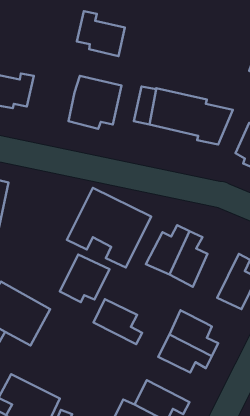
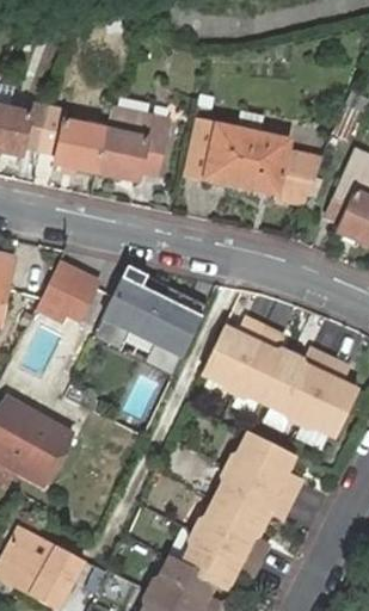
building: [77,11,125,56] -> [39,111,105,173]
building: none -> [267,348,331,416]
building: [60,254,109,302] -> [31,259,99,325]
building: [94,299,142,344] -> [204,498,271,560]

